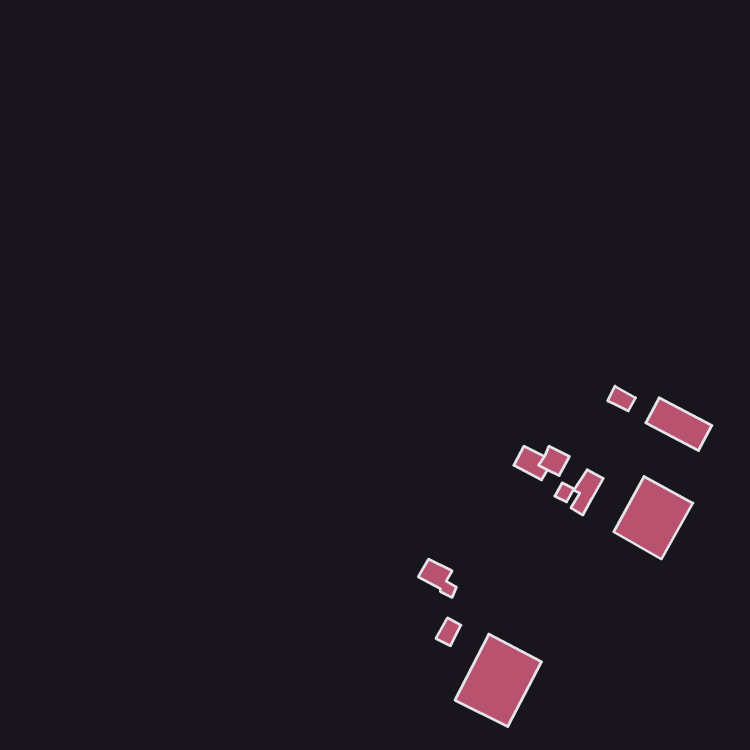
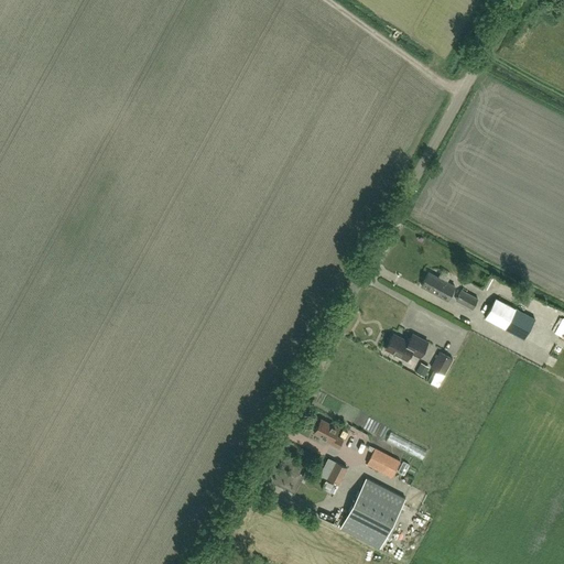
building: none -> [422,272,455,300]
building: [614,476,693,559] -> none
building: none -> [367,448,400,477]

